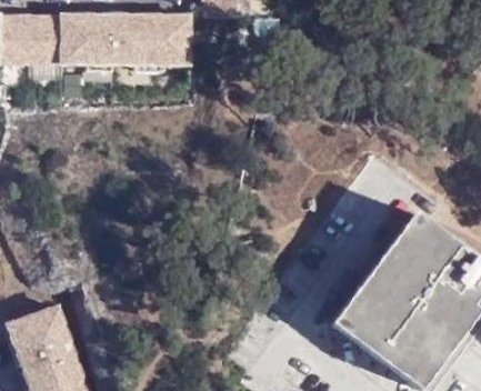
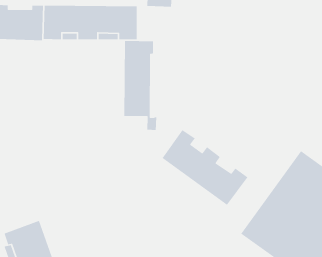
building: none -> [124,40,157,131]
building: none -> [162,129,248,206]

